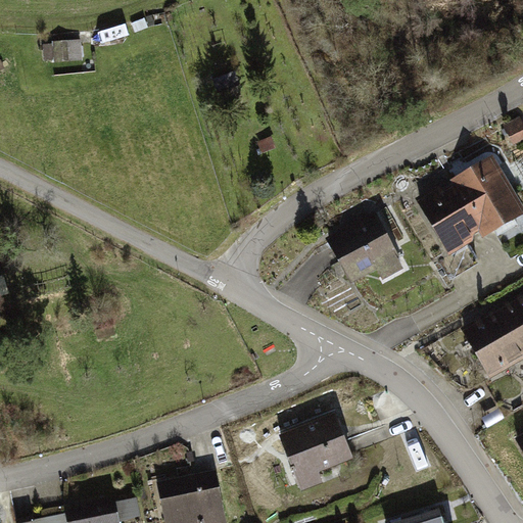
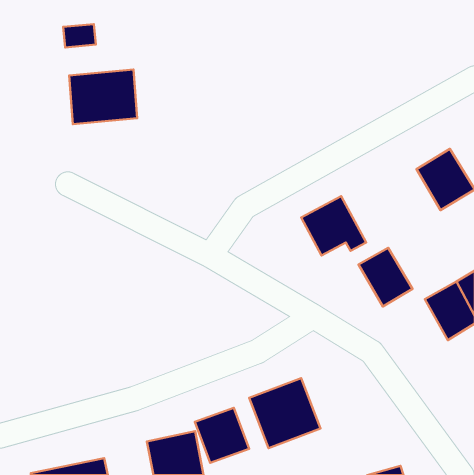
building: none -> [69,70,137,124]
building: [426,186,485,250] -> [359,248,412,306]
building: none -> [195,408,249,463]

